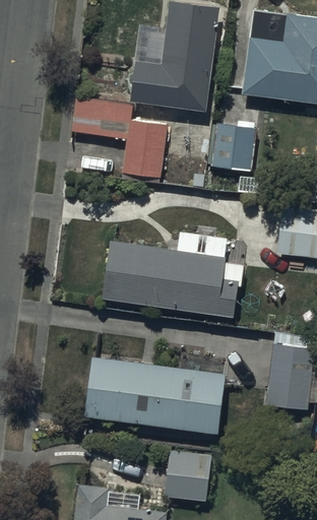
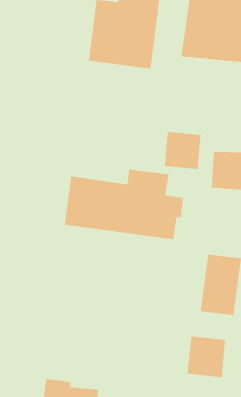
building: [71,98,167,180] -> none
building: [210,126,256,173] -> [164,131,201,170]
building: [82,356,225,434] -> none
building: [165,451,212,503] -> [187,335,226,378]

